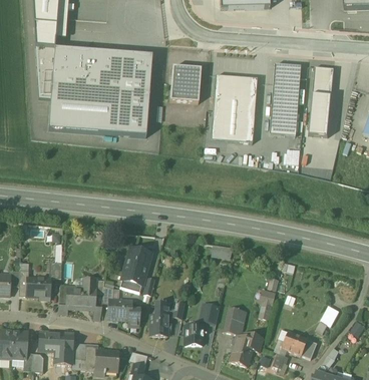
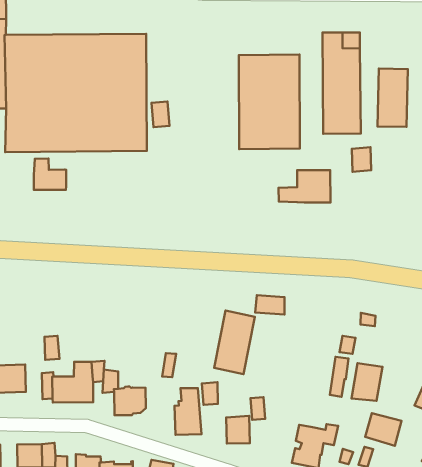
building: [169,66,201,103] -> none
building: [311,67,334,94] -> none
building: none -> [34,159,66,190]
building: none -> [279,170,330,203]
building: [119,248,150,293] -> [214,310,255,374]
building: [223,307,246,334] -> [352,363,382,401]

